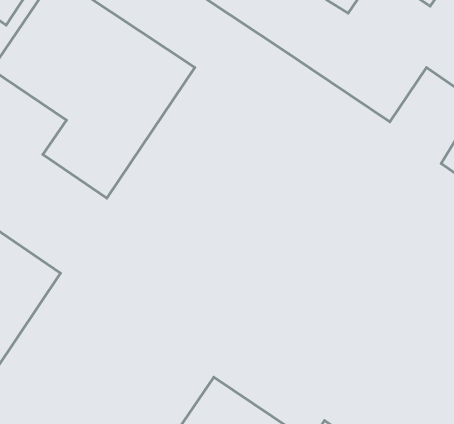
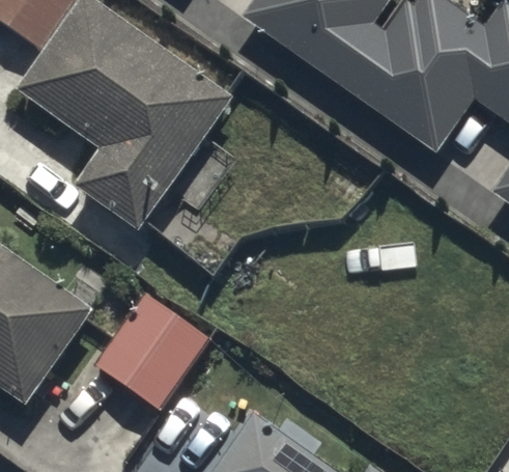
building: none -> [91,291,209,413]

